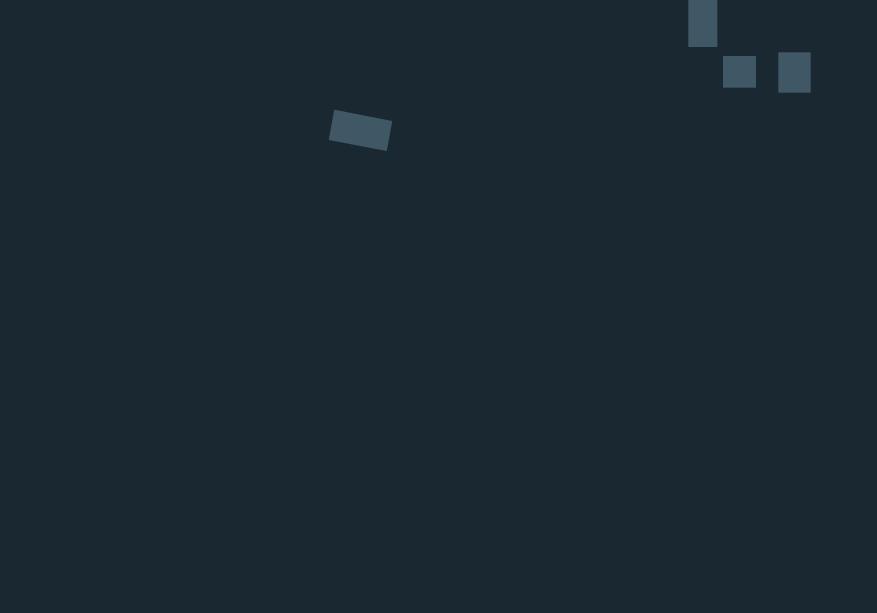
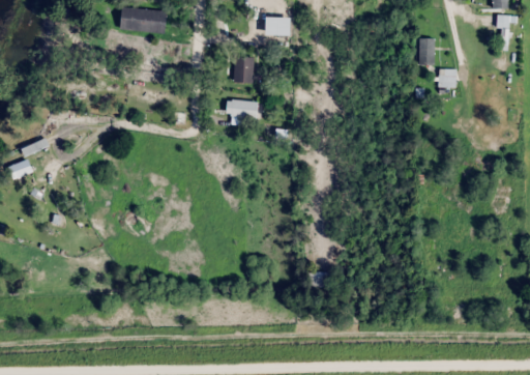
building: none -> [234,57,254,83]
building: [778,51,811,94] -> none

